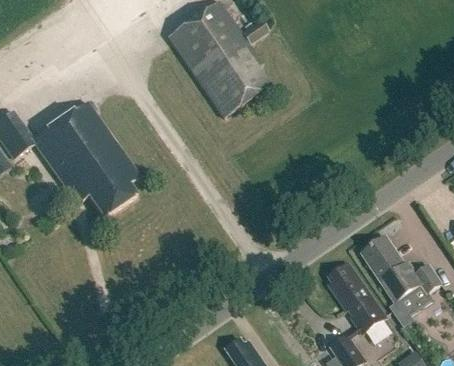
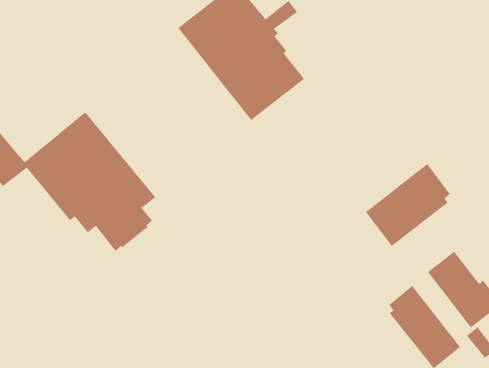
building: none -> [365,163,450,247]

